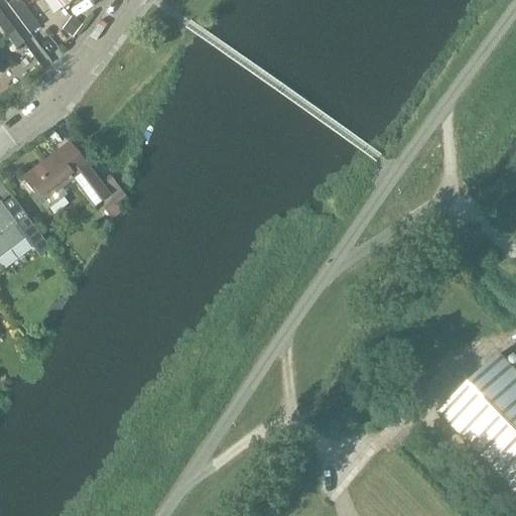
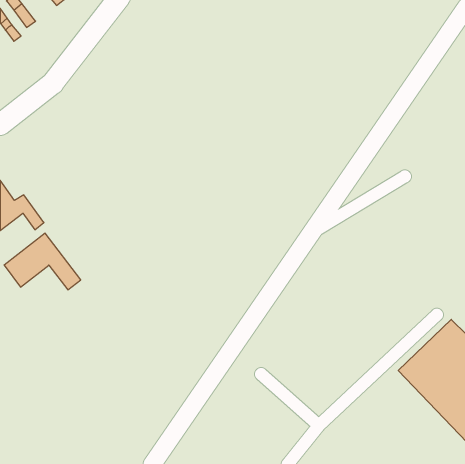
building: [24,140,109,203] -> [4,233,81,290]

